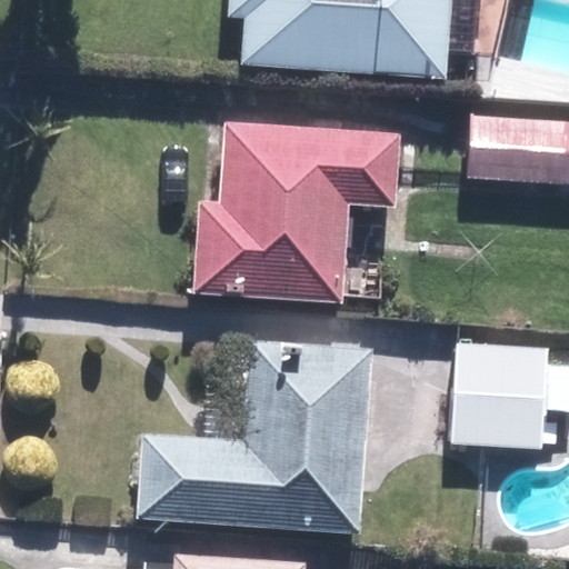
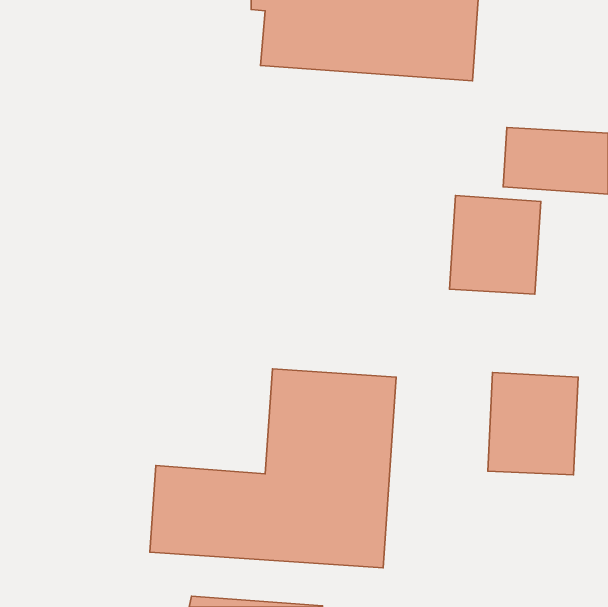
building: [194,127,398,300] -> none
building: none -> [449,195,541,294]

